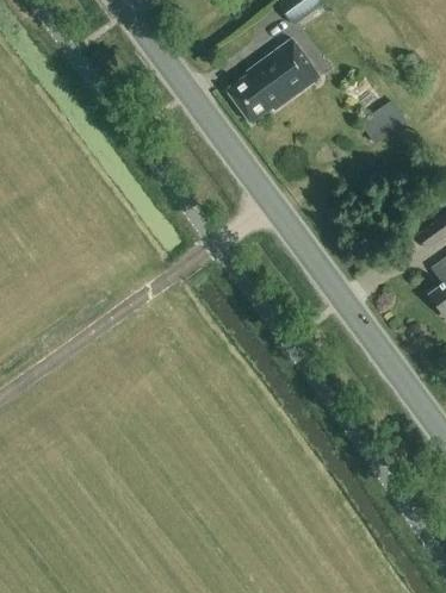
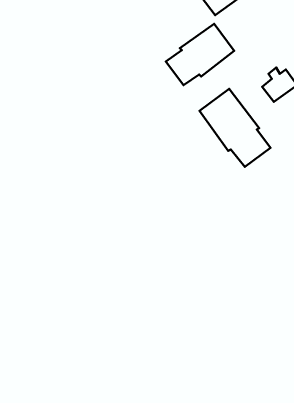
building: none -> [199,89,271,167]

